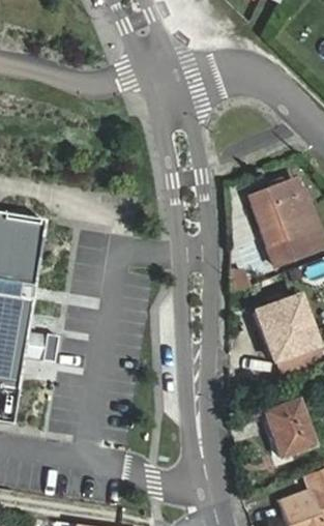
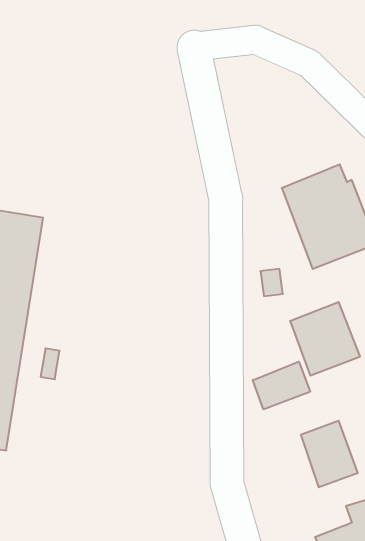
building: none -> [253,362,310,409]

